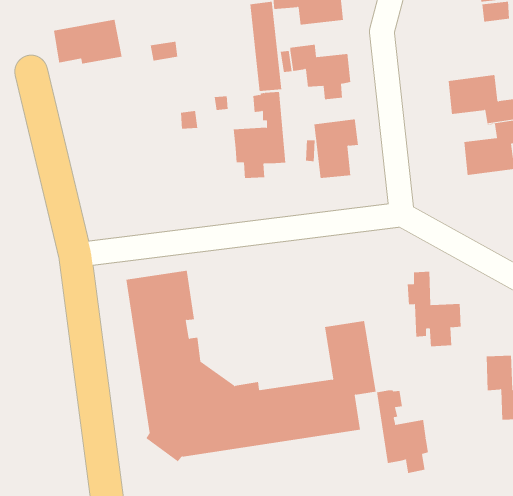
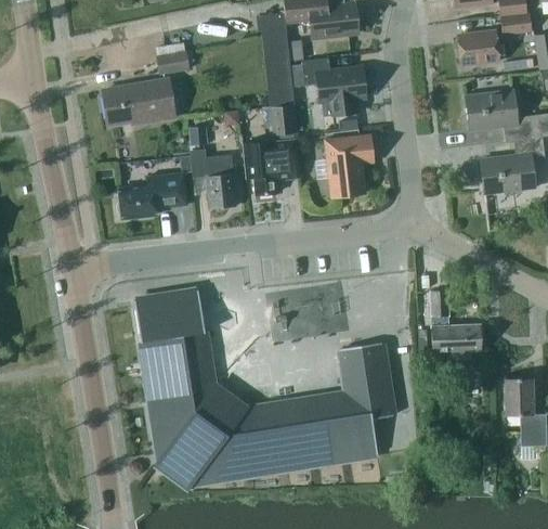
building: none -> [456,29,498,64]
building: [53,19,123,64] -> [103,79,174,126]
building: none -> [191,150,237,209]
building: none -> [120,173,187,217]
building: [377,390,429,474] -> none

